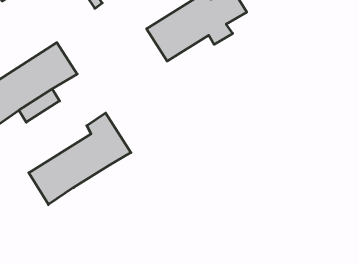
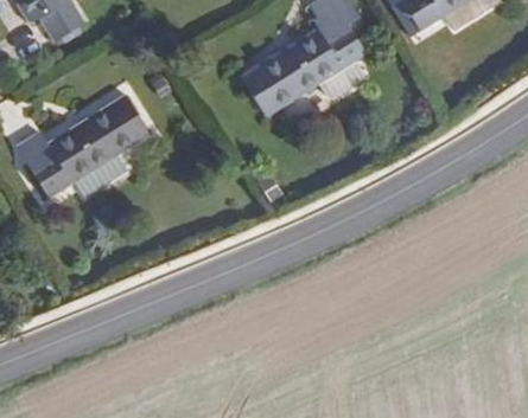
building: [29,113,131,205] -> none

